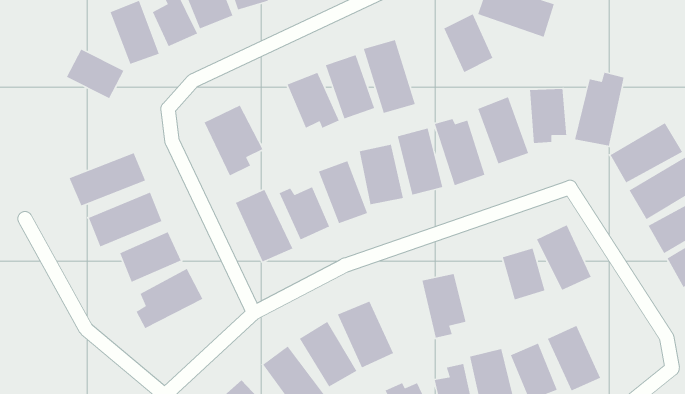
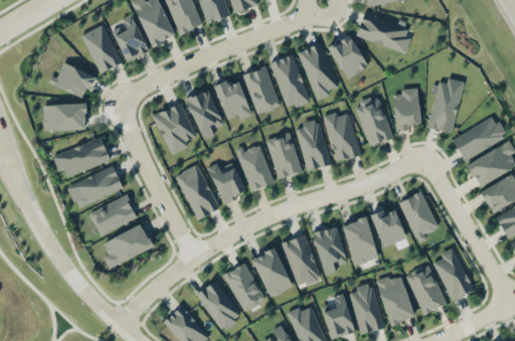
building: none -> [298,43,338,101]
building: none -> [185,89,222,139]
building: none -> [44,105,85,131]
building: none -> [342,217,377,265]
building: none -> [283,234,320,288]
building: none -> [432,247,474,301]

